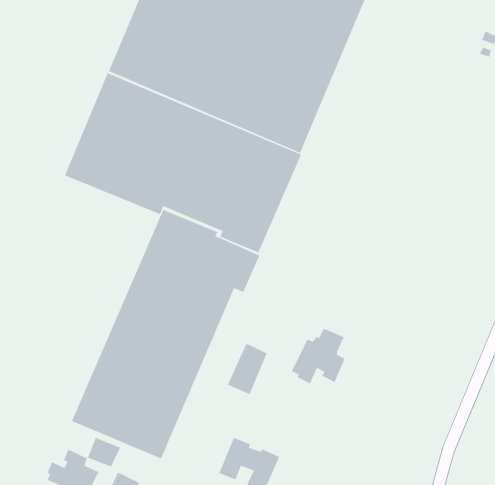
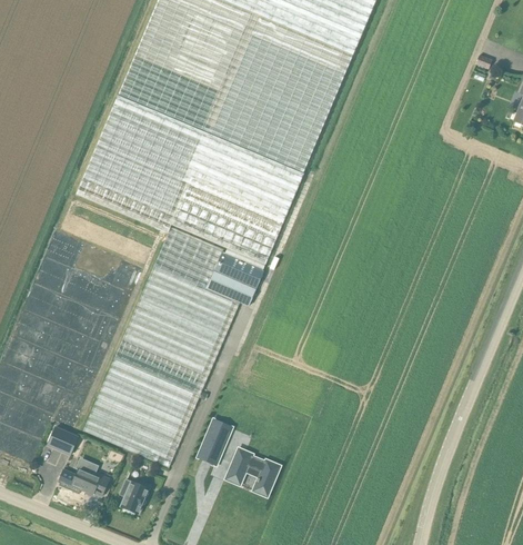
building: [291,328,345,384] -> none
building: [227,344,268,395] -> [195,417,234,466]
building: [87,437,121,467] -> [48,425,80,454]

